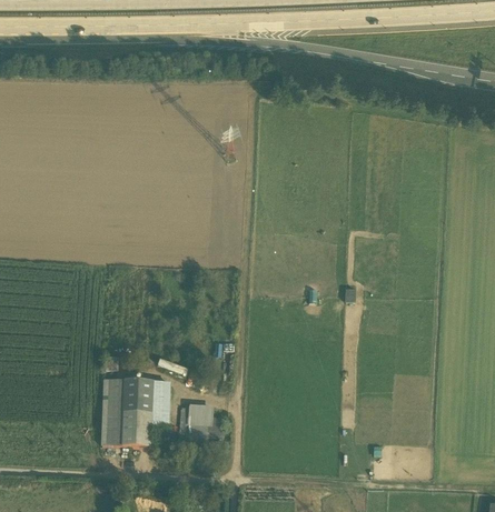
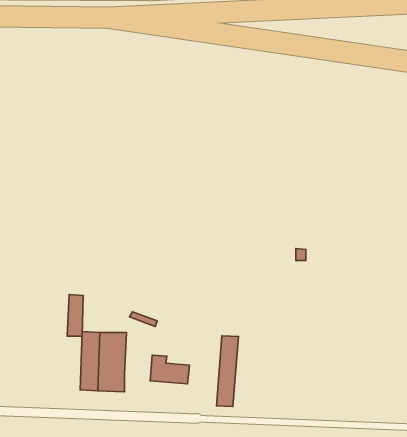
building: [151,379,169,425] -> [67,295,83,336]
building: none -> [216,336,238,407]

